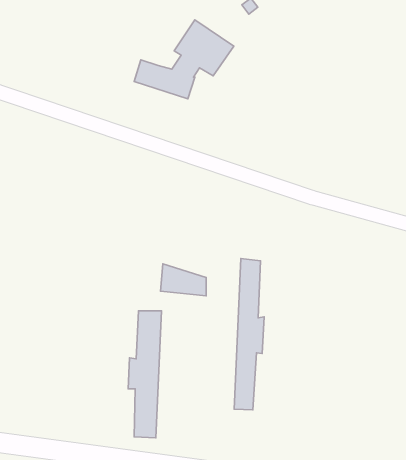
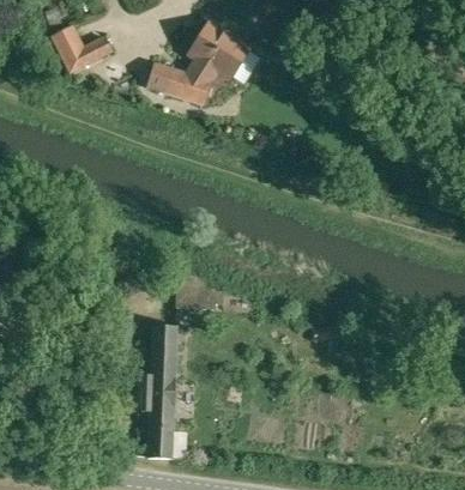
building: none -> [53,23,113,69]
building: [234,259,264,410] -> none

